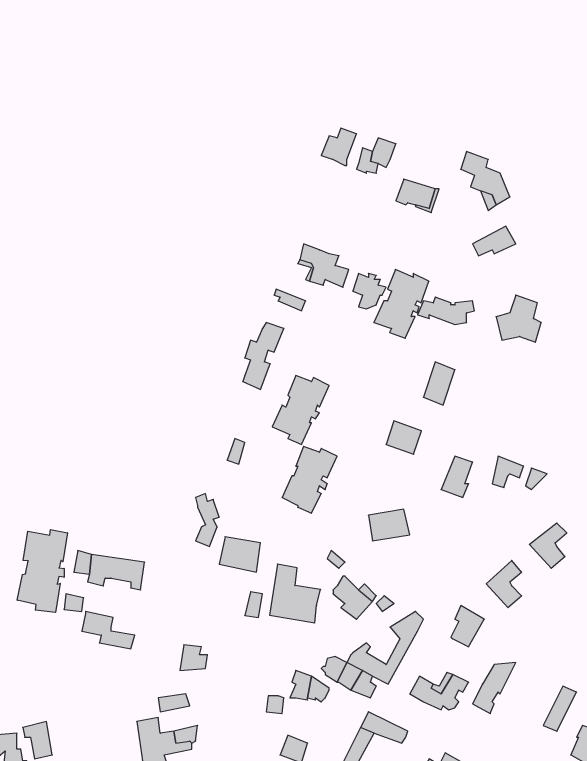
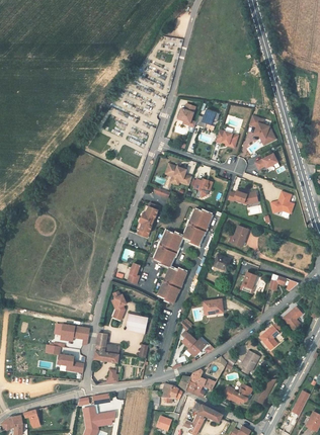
building: [374,269,429,338] -> [182,209,211,245]
building: [17,530,67,612] -> none
building: [270,564,321,623] -> [94,333,121,363]

